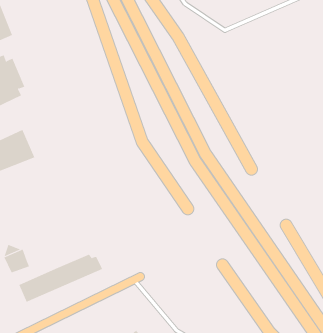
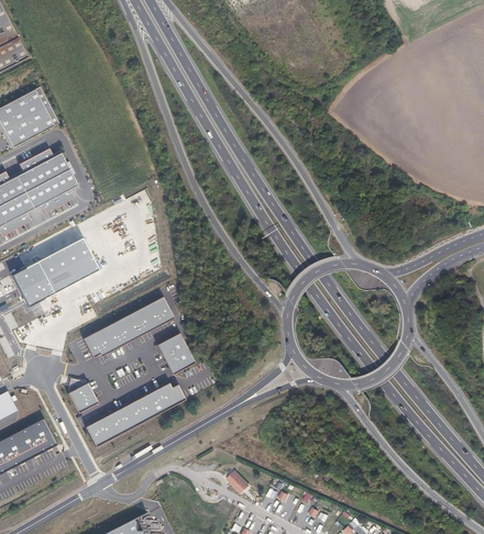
building: none -> [85,296,175,356]
building: none -> [158,333,194,374]

